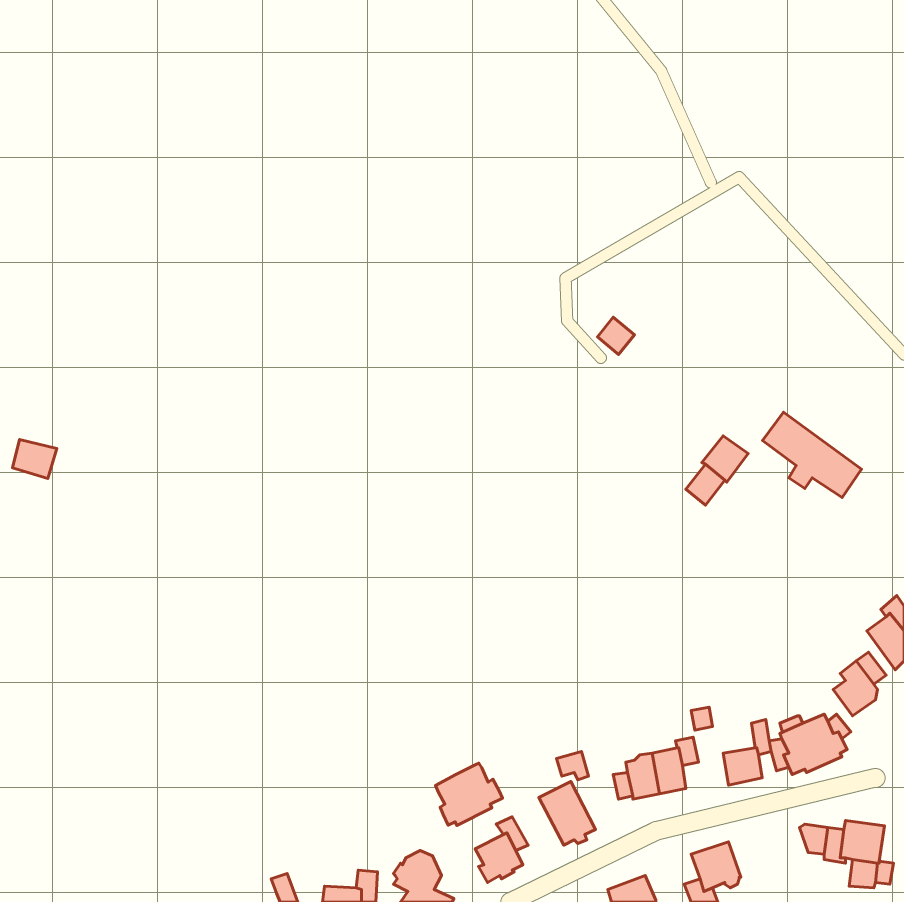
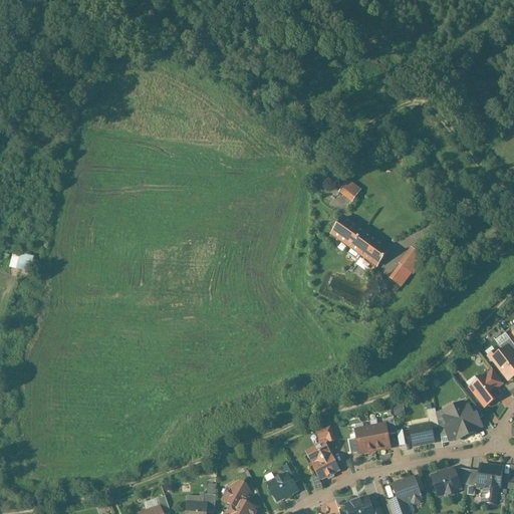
building: [762,412,862,497] -> [331,217,388,265]
building: [435,763,502,825] -> none
building: none -> [430,468,459,495]

